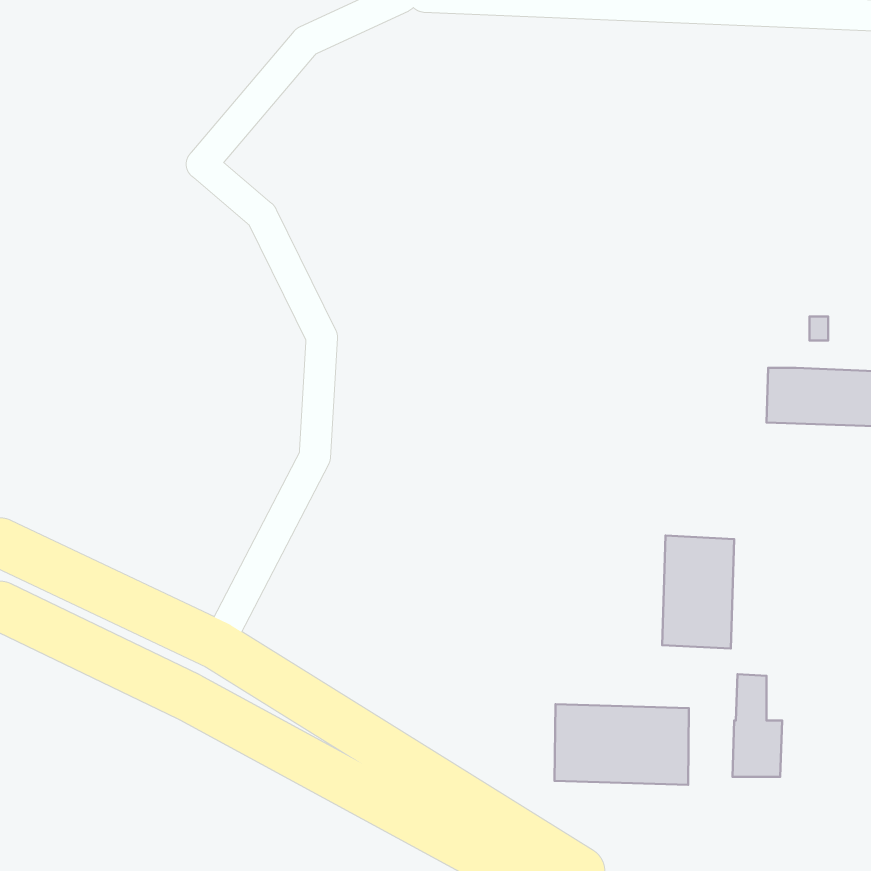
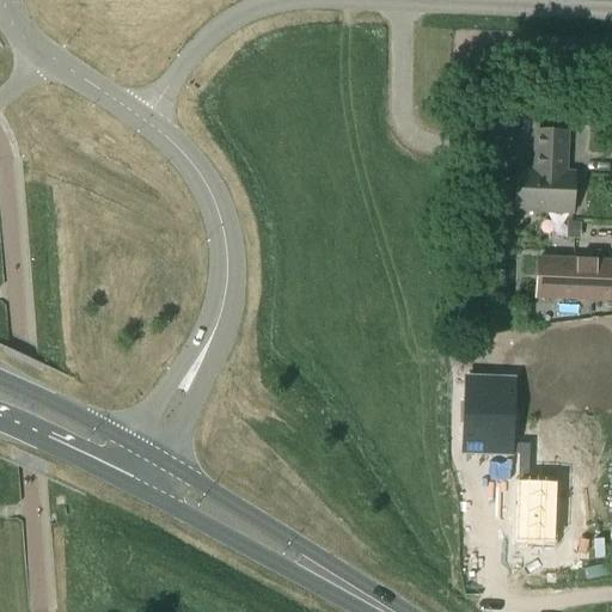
building: none -> [518,129,575,210]
building: [555,704,689,785] -> none

